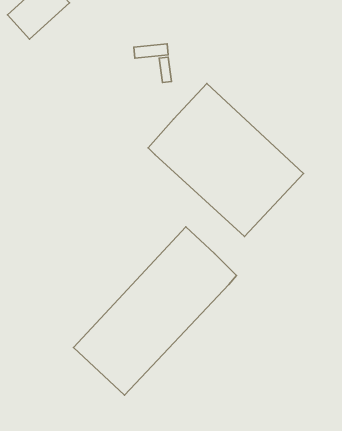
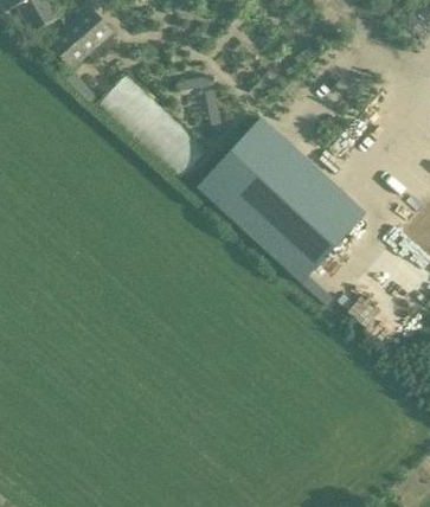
building: [74,227,237,395] -> none

